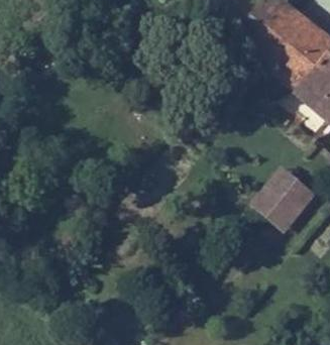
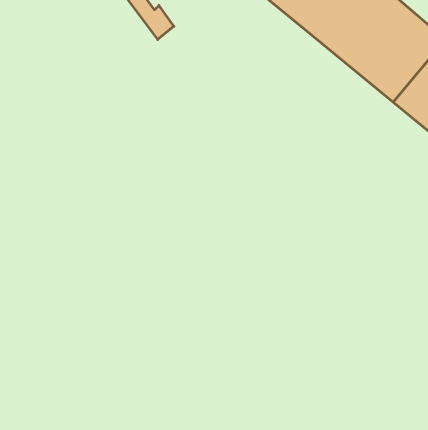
building: [255,167,317,229] -> none

